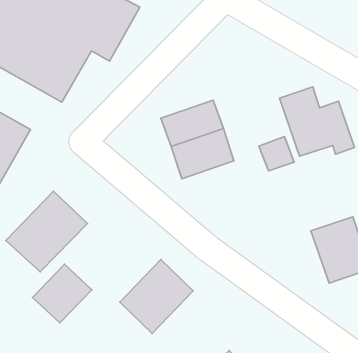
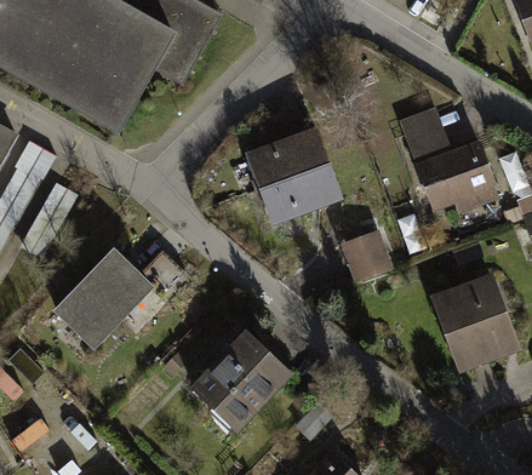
building: [259,137,294,171] -> [344,234,389,277]
building: [33,264,92,323] -> none

